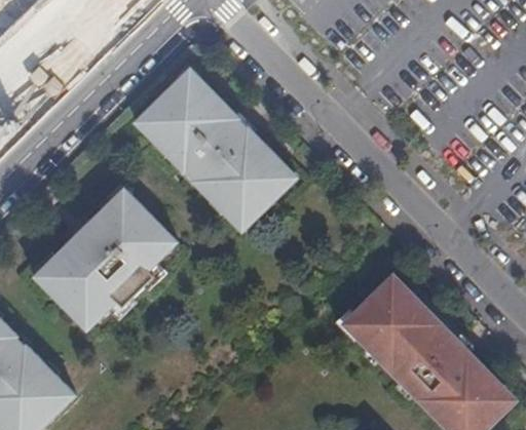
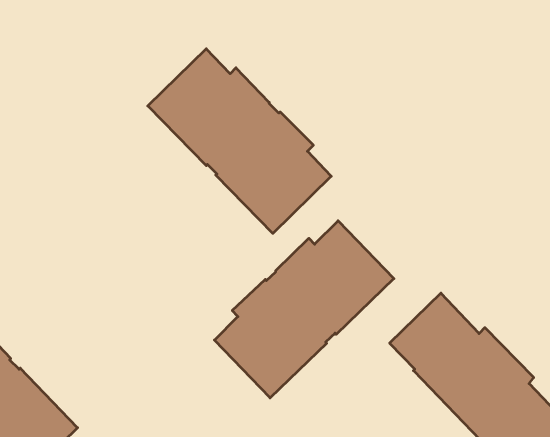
building: [31,190,175,331] -> none
building: none -> [214,221,394,398]

